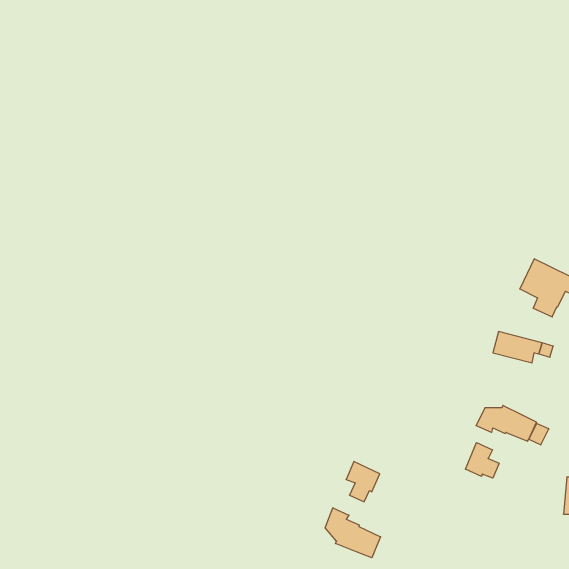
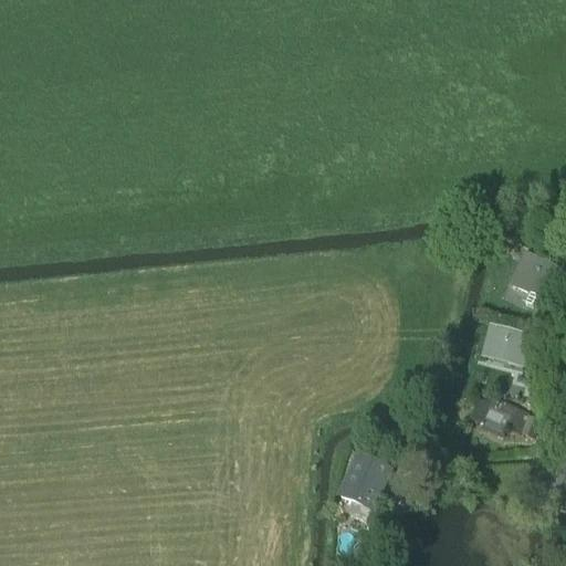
building: [465,443,499,478] -> none
building: [325,508,381,558] -> none

